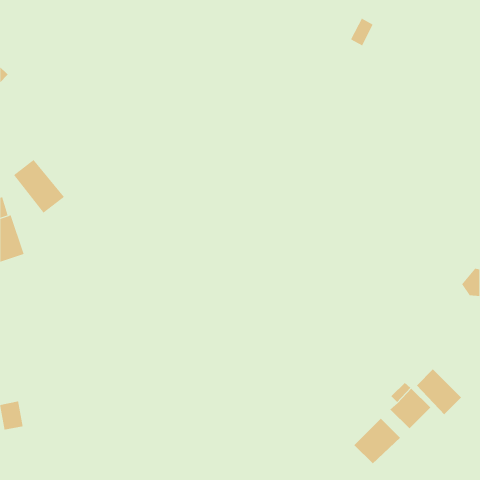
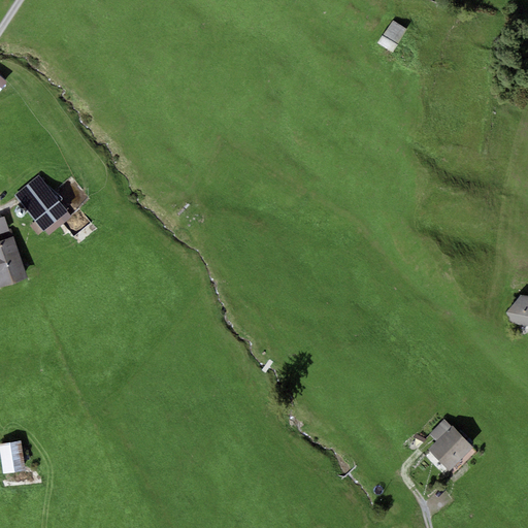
building: [416,369,462,415] -> none
building: [353,418,401,464] -> none

